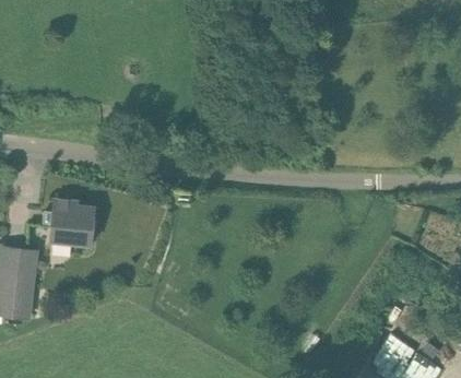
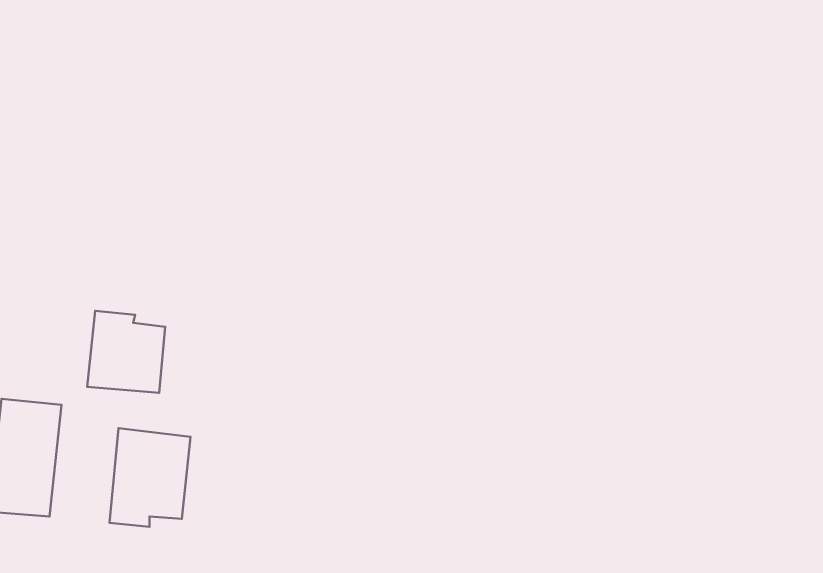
building: none -> [109,428,191,527]

